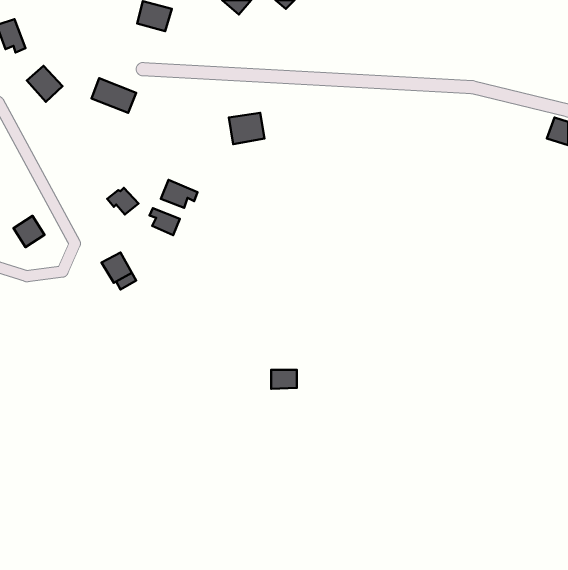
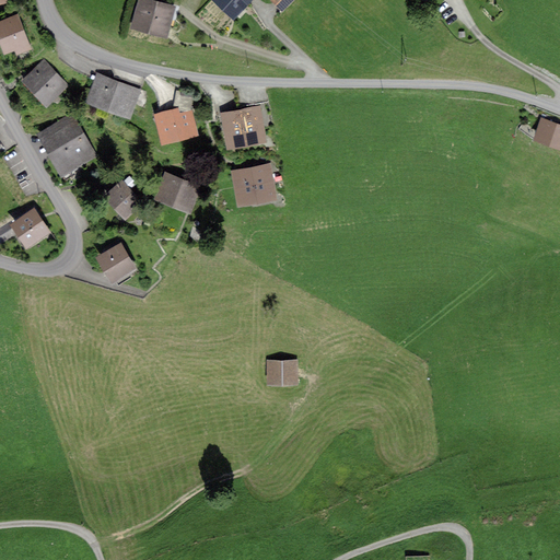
building: none -> [159,91,191,138]
building: none -> [43,119,90,175]
building: none -> [234,168,270,200]
building: [150,208,180,235] -> none

